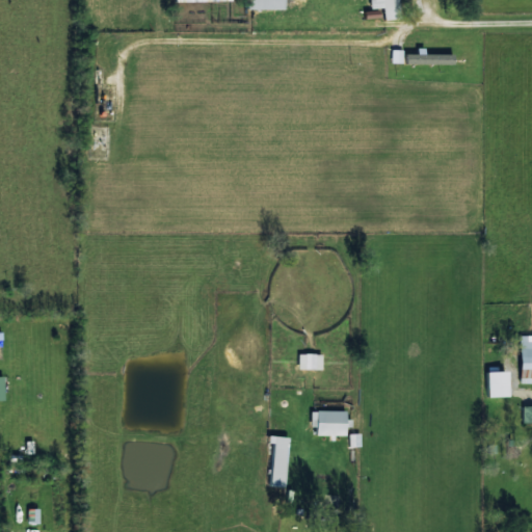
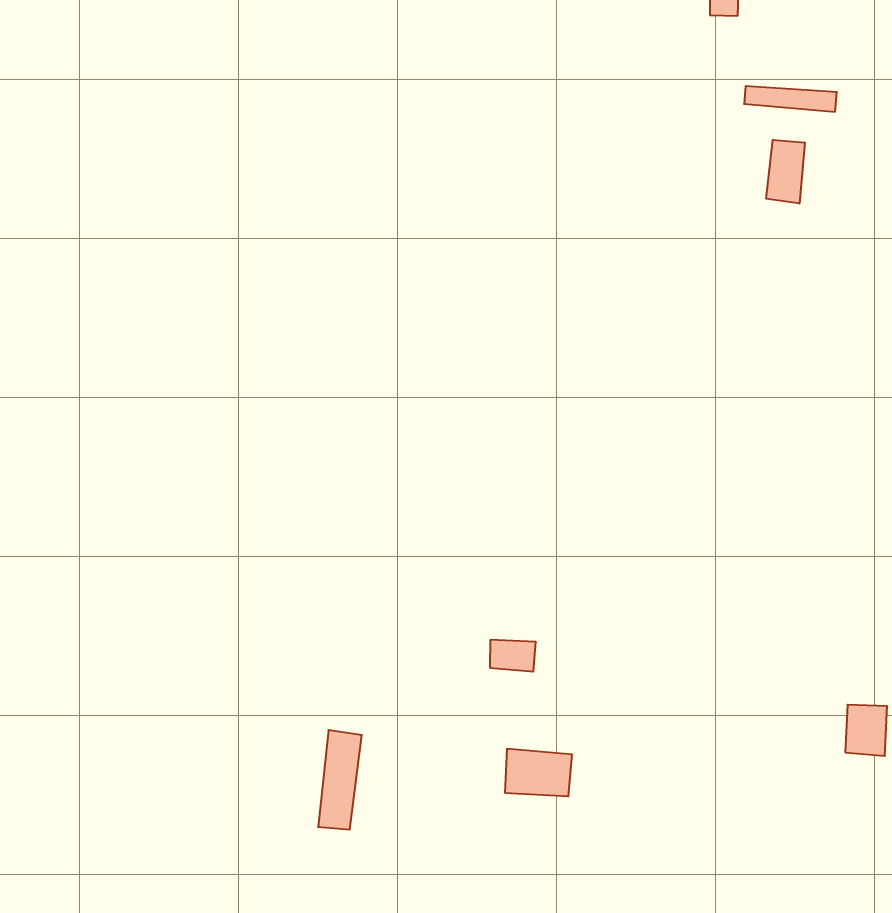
building: none -> [766,140,805,204]
building: [270,435,289,486] -> [318,730,362,830]

